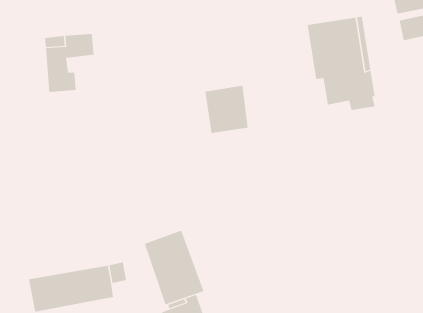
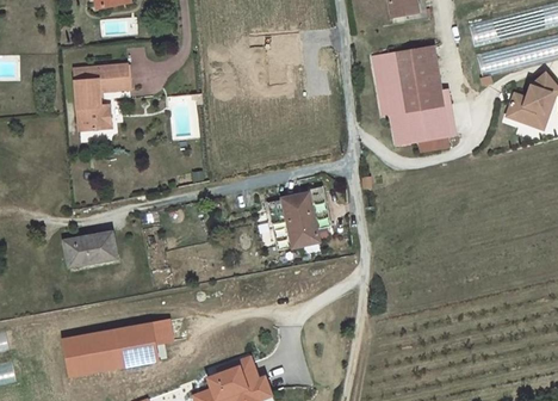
building: [204,85,248,133] -> [269,191,318,245]
building: none -> [60,233,112,264]
building: [144,230,204,305] -> none

